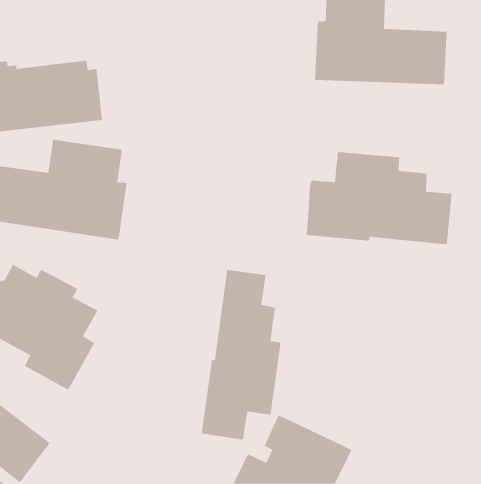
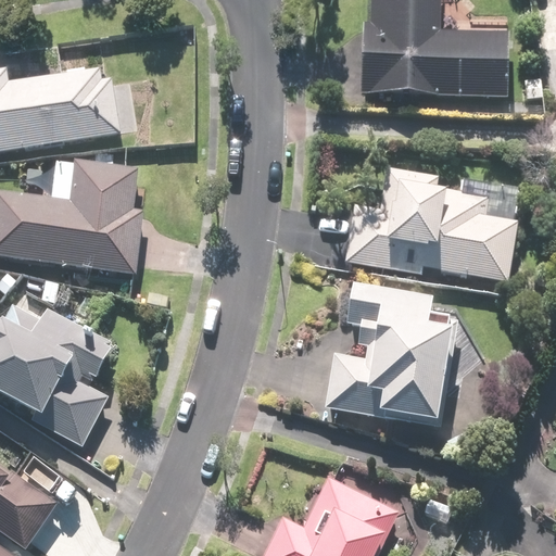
building: none -> [327,286,457,418]
building: [201,269,281,440] -> none

